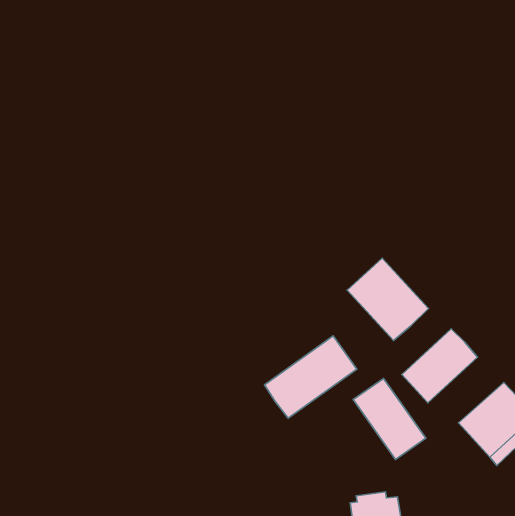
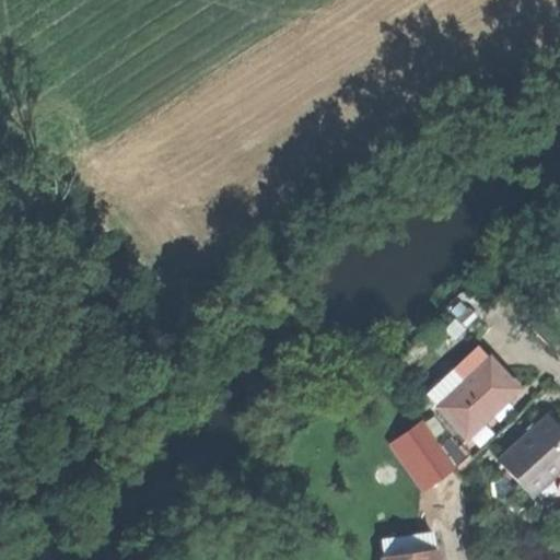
building: [347,258,429,341] -> none
building: [264,336,357,418] -> none

